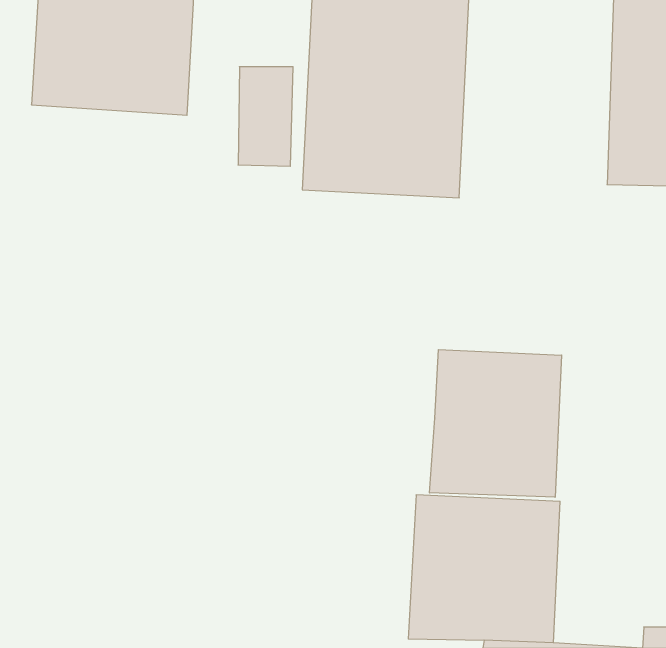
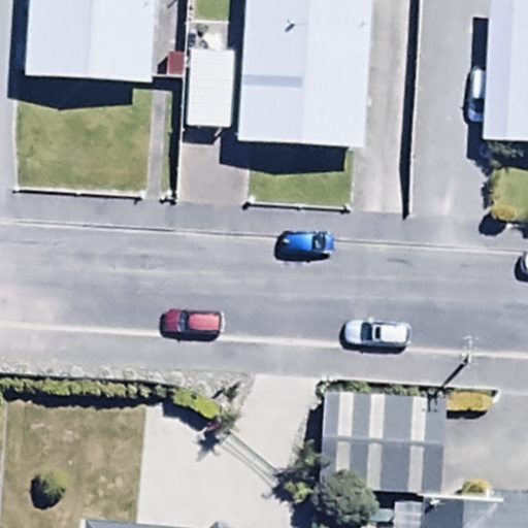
building: [430,350,562,497] -> none

